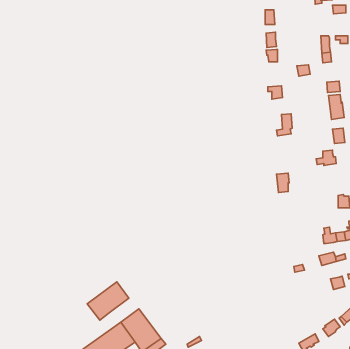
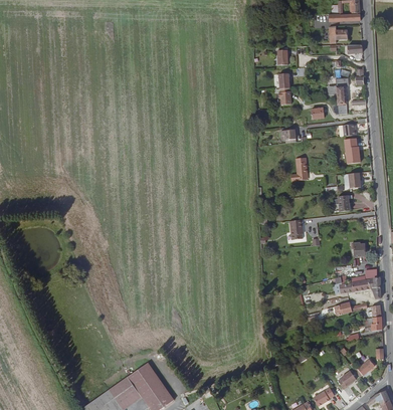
building: [87,282,129,320] -> none

